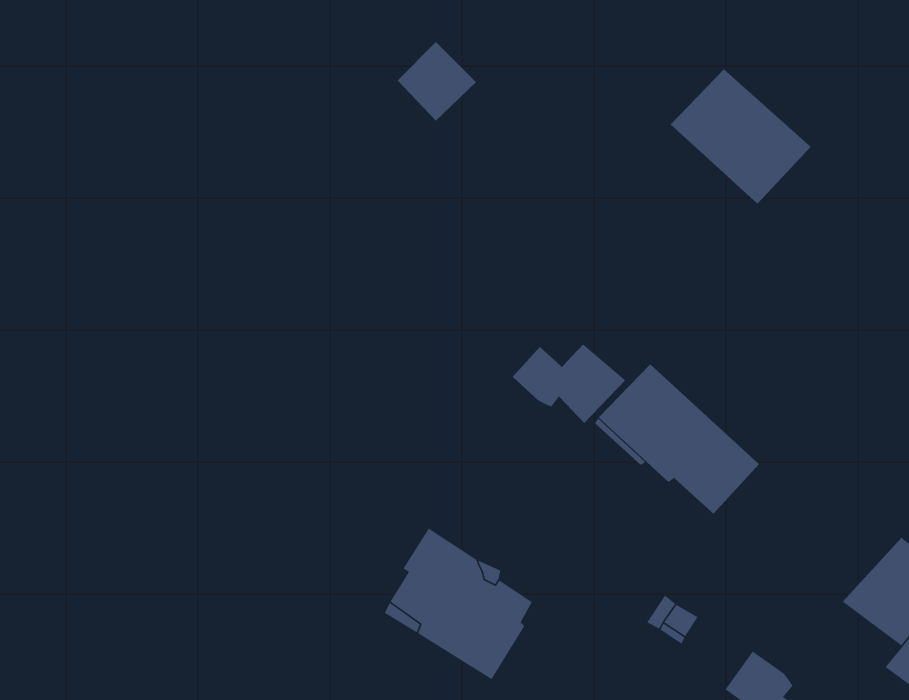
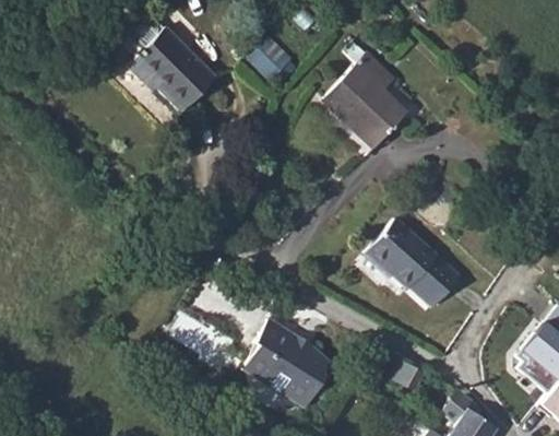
building: none -> [130,21,216,110]
building: [670,69,811,205] -> [326,57,409,137]
building: [512,344,626,424] -> none

